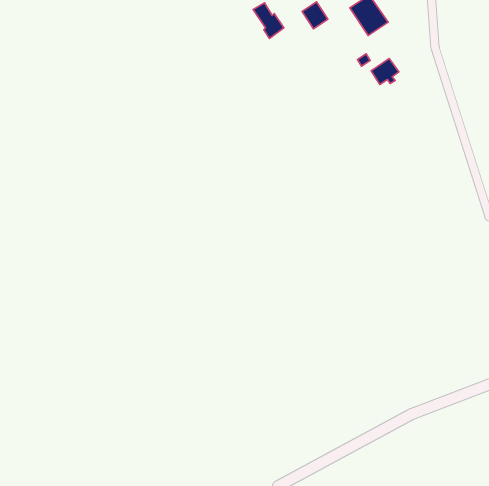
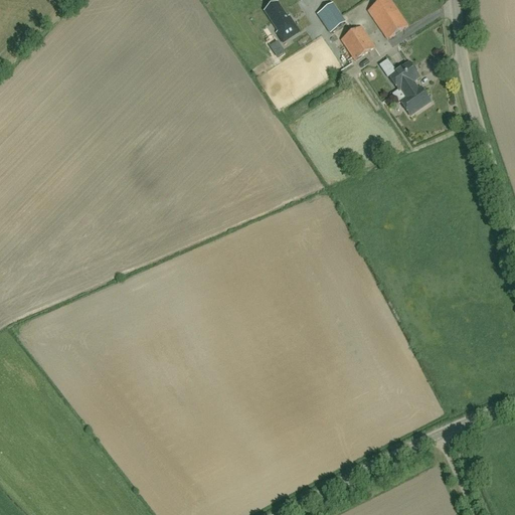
building: none -> [340,24,374,58]
building: none -> [398,83,428,113]

